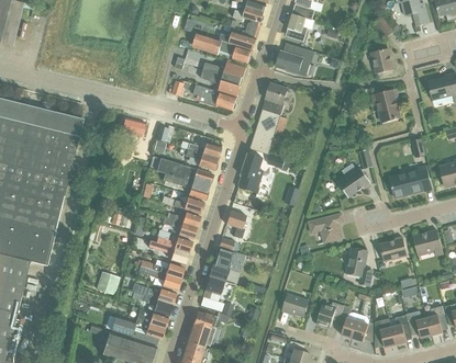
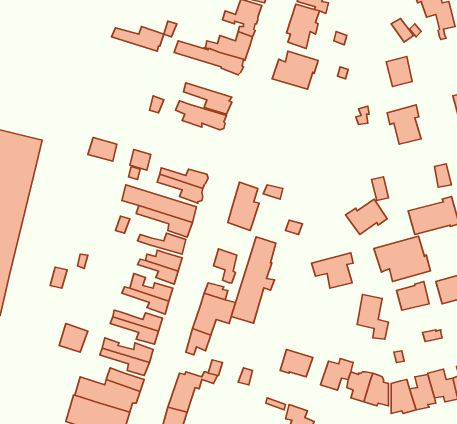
building: [202,61,246,82] -> [111,26,164,51]
building: [249,82,287,155] -> [231,237,276,323]
building: none -> [374,236,431,282]

